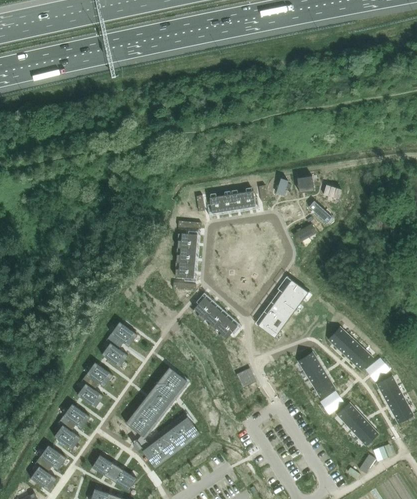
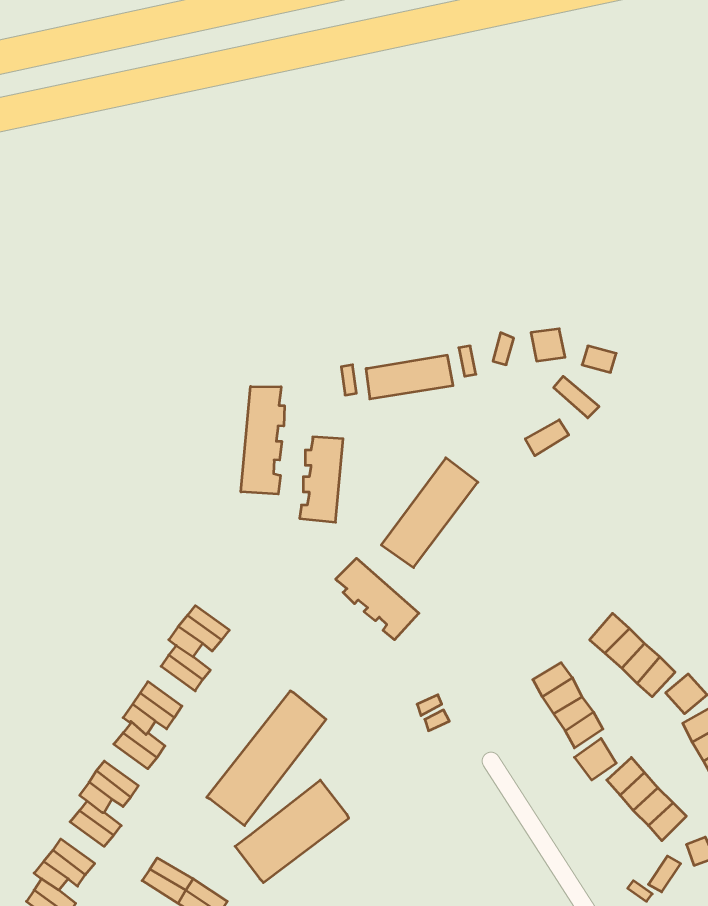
building: none -> [241,386,284,494]
building: [257,279,308,337] -> [381,458,478,568]

